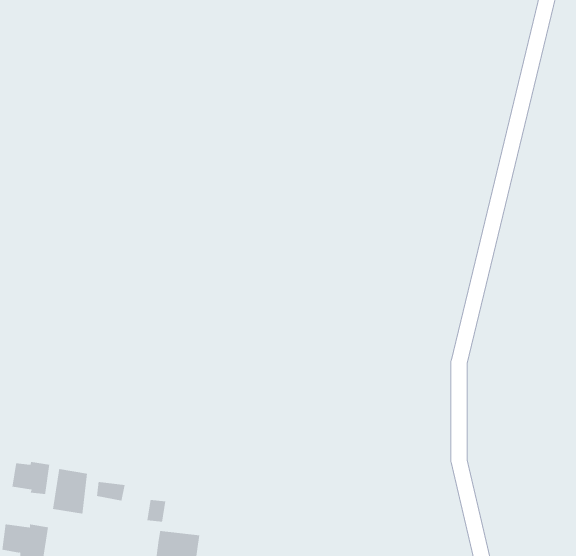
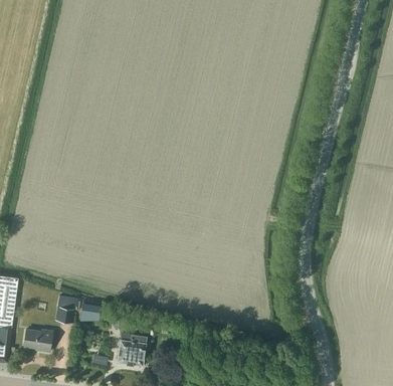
building: [12,461,50,495] -> none

